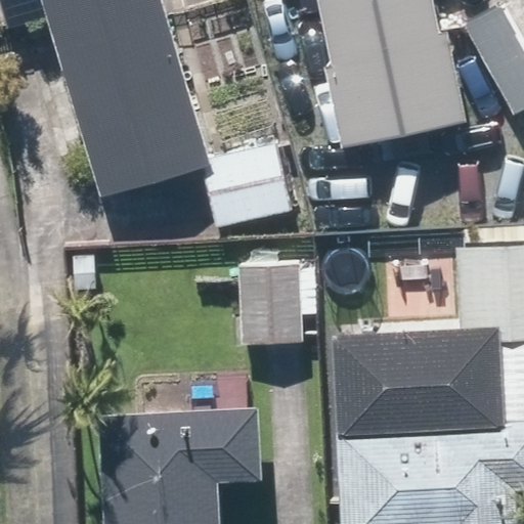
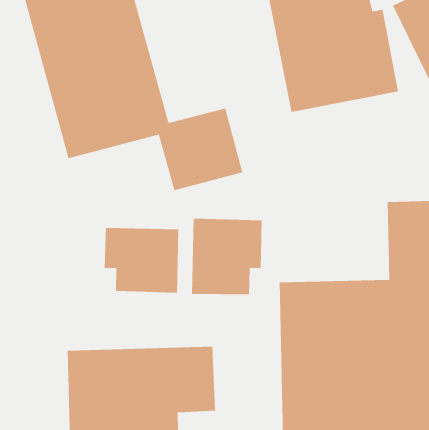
building: none -> [104,227,179,294]

